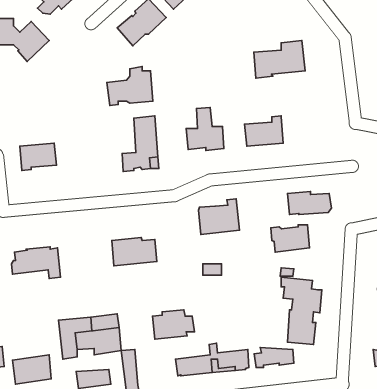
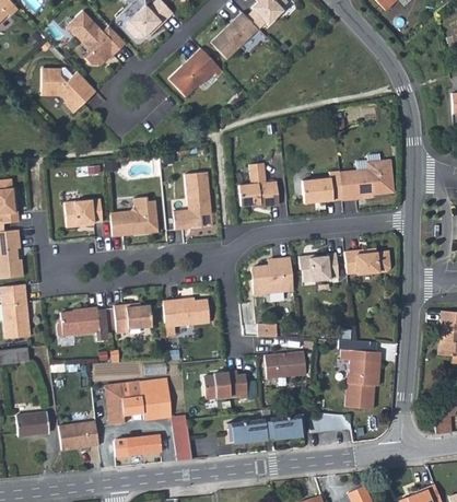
building: [254,41,305,78] -> [339,160,392,199]
building: [107,67,153,105] -> [110,197,159,237]
building: [271,225,310,252] -> [300,253,340,281]
building: none -> [113,303,151,332]
building: none -> [266,351,307,378]

